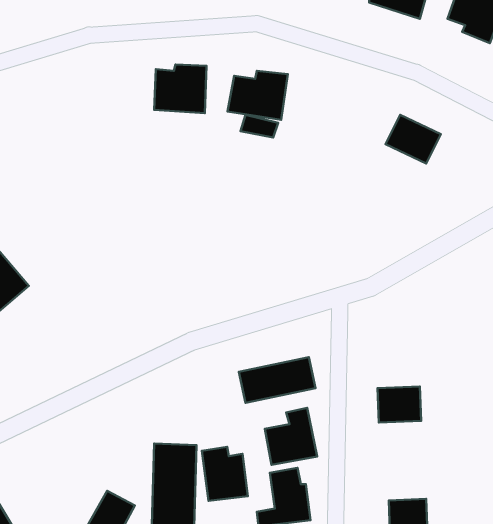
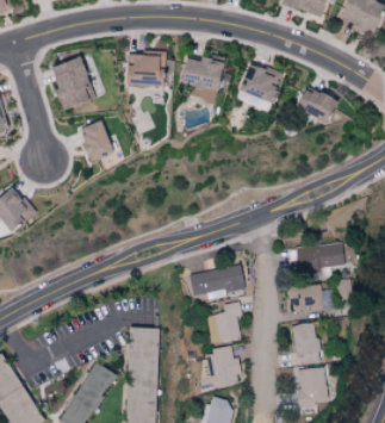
building: none -> [49,57,93,108]
building: none -> [240,63,281,108]
building: none -> [79,120,112,161]
building: none -> [296,244,343,274]
building: none -> [293,323,318,365]
building: [202,447,248,501] -> none

